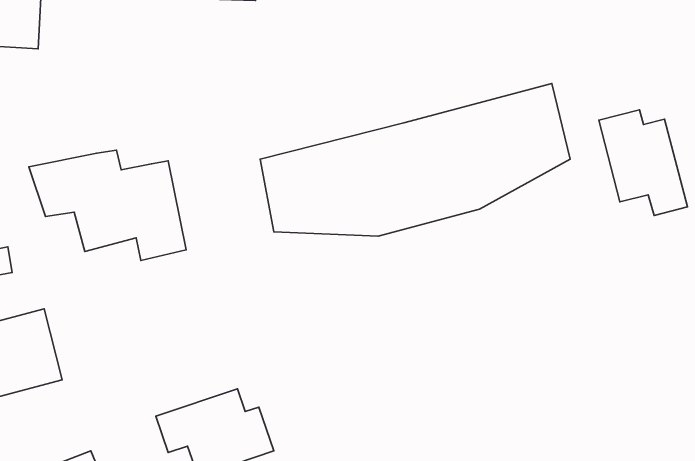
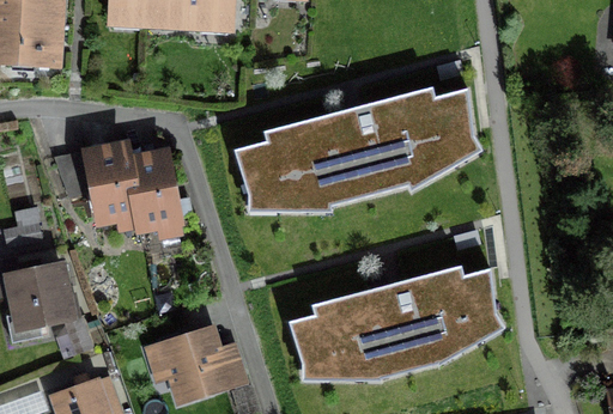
building: [599,110,688,216] -> none
building: none -> [283,263,499,379]

